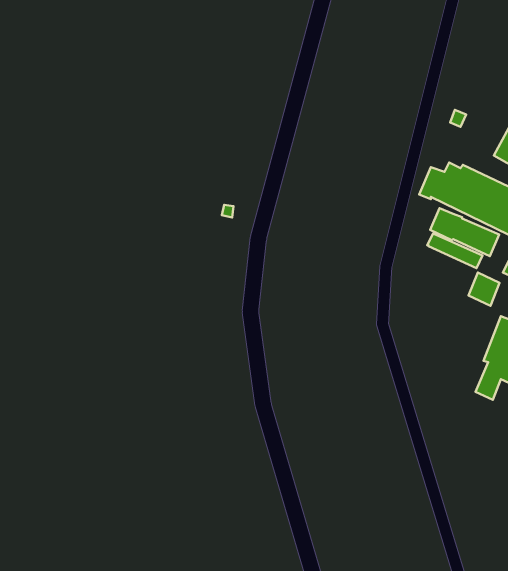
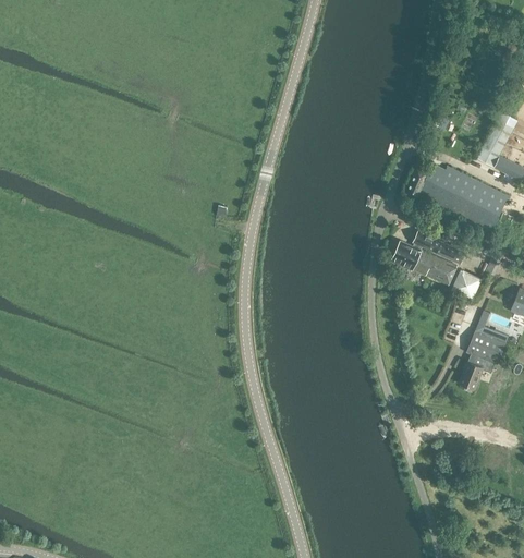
building: [430,208,499,256] -> [392,240,458,286]

